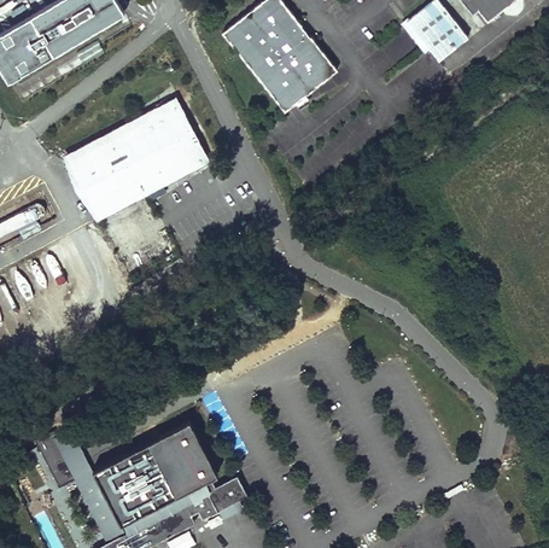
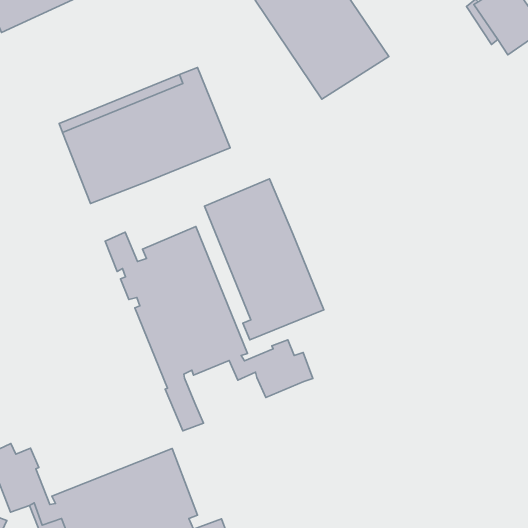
building: none -> [205,179,324,340]
building: none -> [105,226,313,431]

